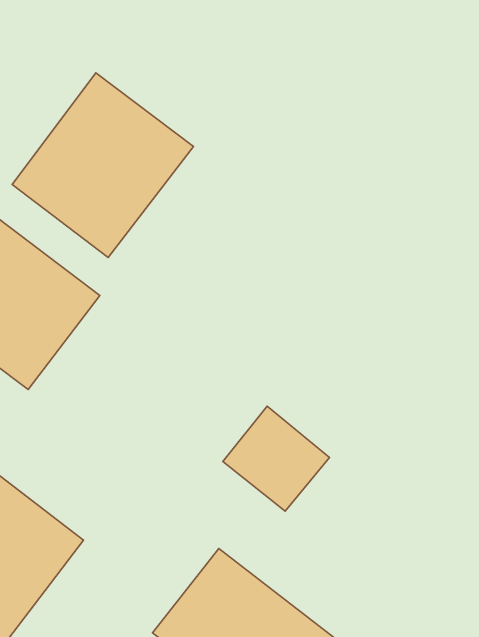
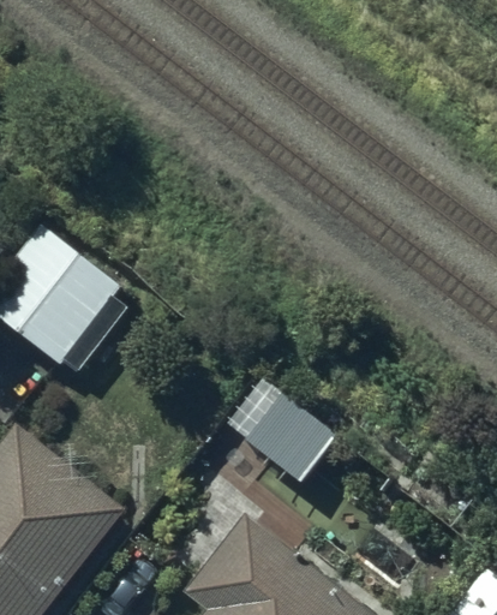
building: [12,73,194,258] -> none

